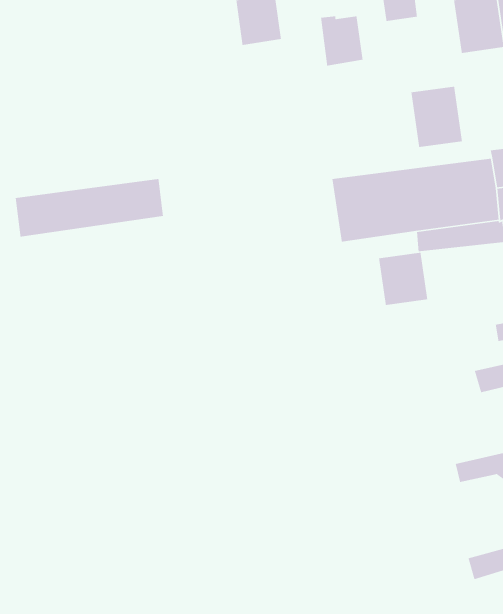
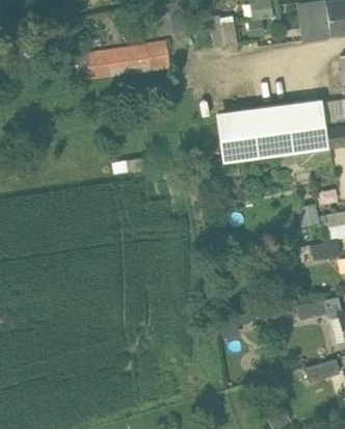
building: [411,86,463,148] -> none
building: [15,178,164,237] -> [74,42,170,80]
building: [378,252,428,306] -> none

